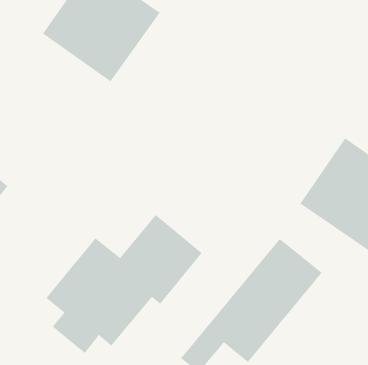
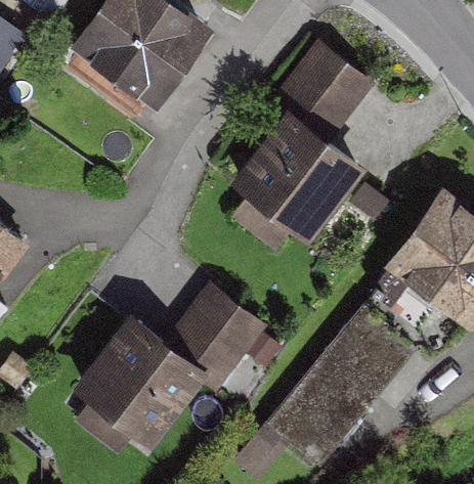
building: none -> [226,44,373,250]

